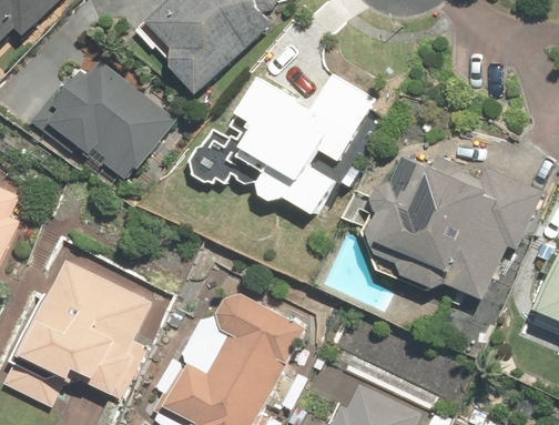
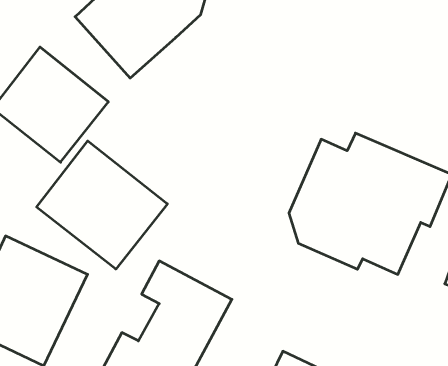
building: [211,72,376,215] -> none
building: none -> [37,141,167,269]

